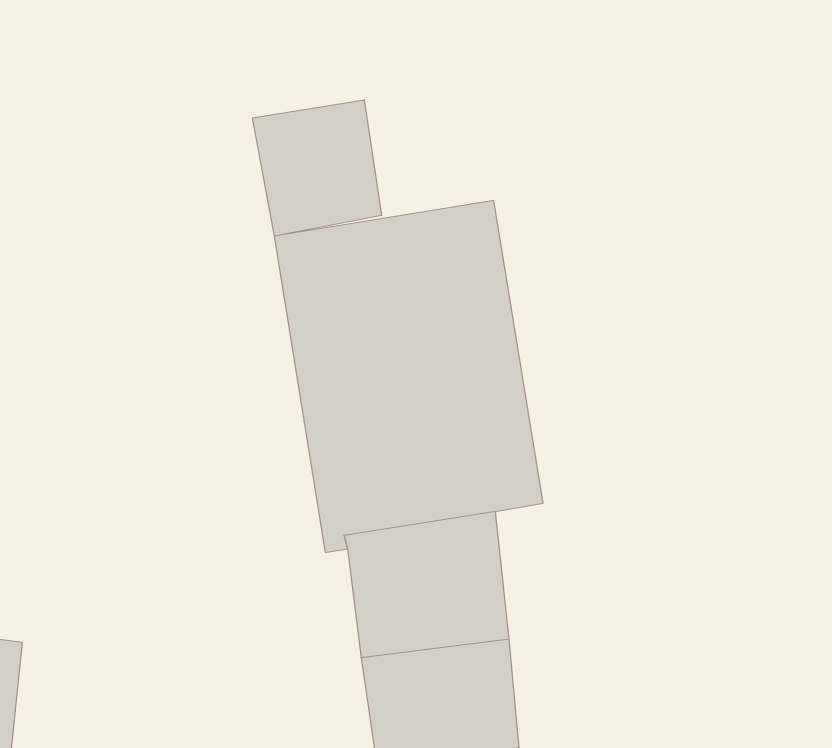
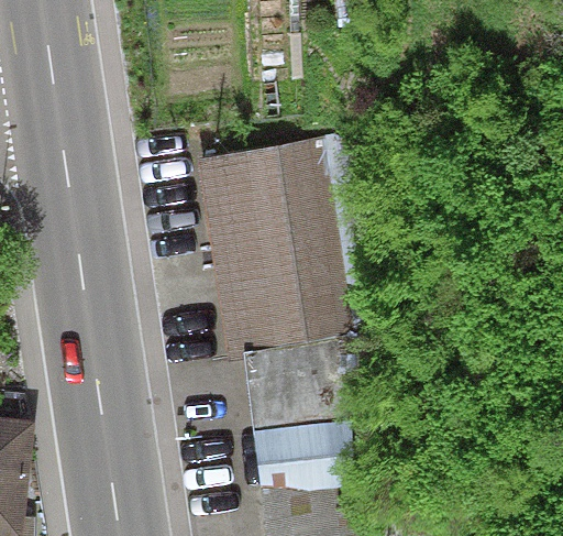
building: [252,100,382,236] -> none

